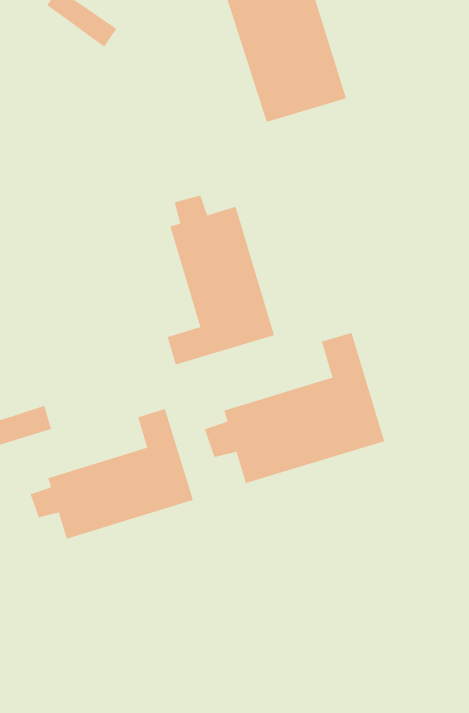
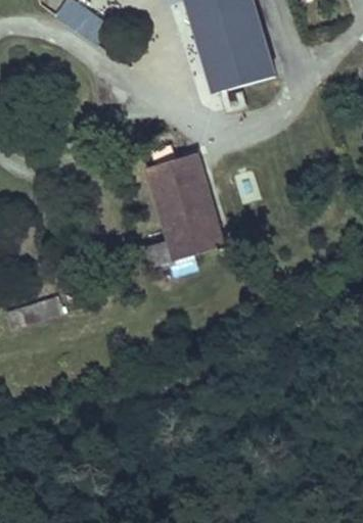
building: [204,332,385,484] -> none
building: [30,408,193,539] -> none

